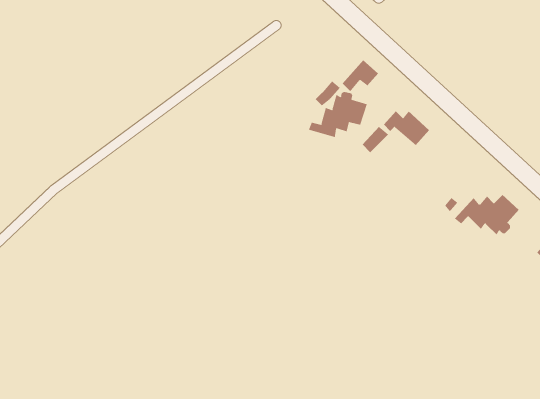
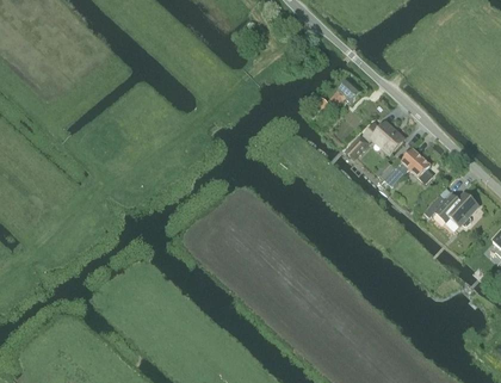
building: [308,91,368,138] -> none
building: none -> [385,150,433,184]

